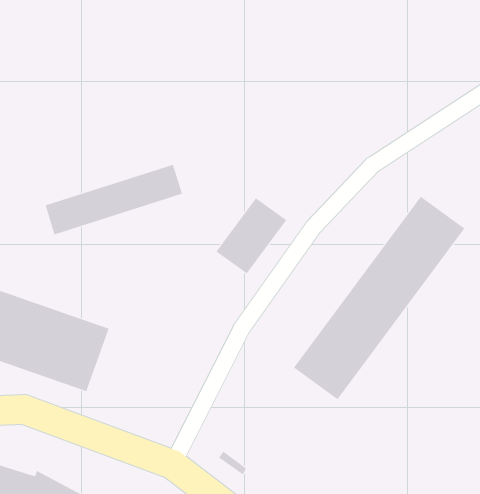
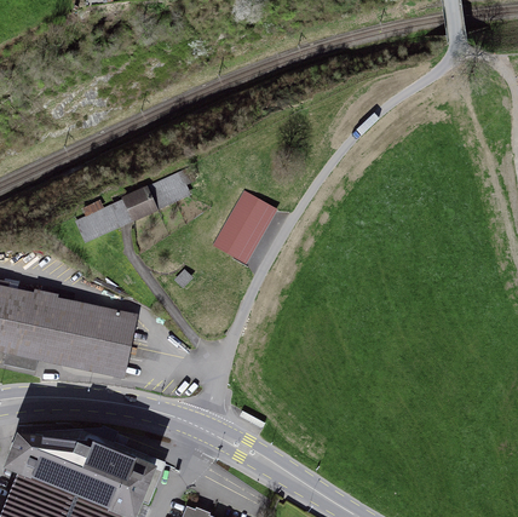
building: [293,196,465,400] -> none

